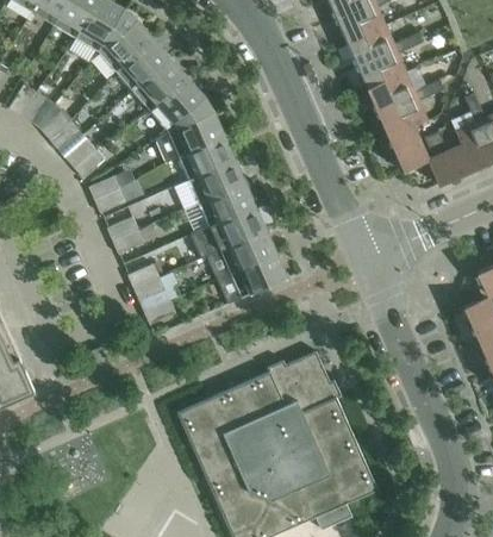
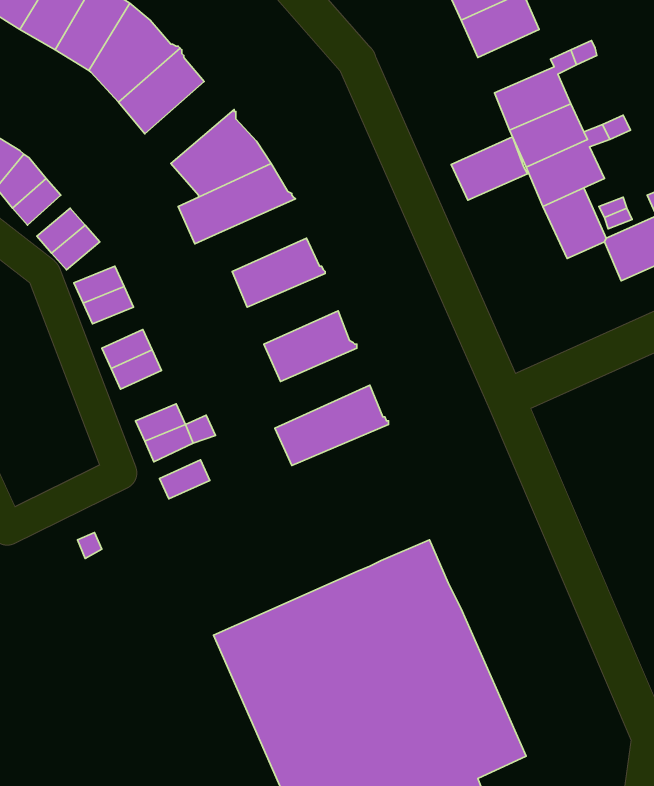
building: [347,25,395,65] -> [451,137,527,200]
building: [133,58,191,111] -> none
building: [179,133,237,180] -> none
building: [199,181,257,226] -> none
building: [206,229,277,280] -> none

